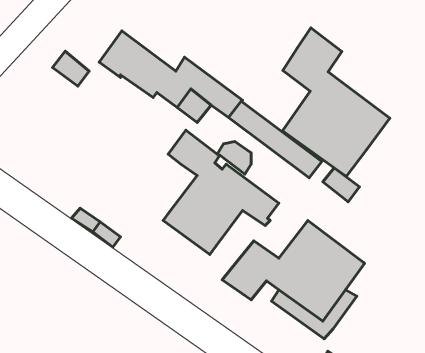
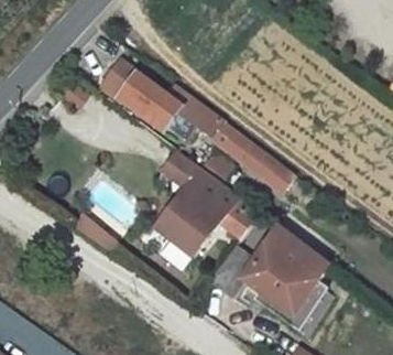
building: [282,28,390,176] -> none

